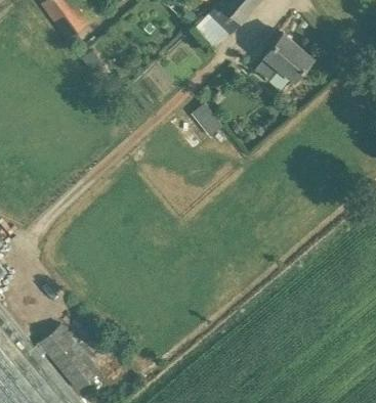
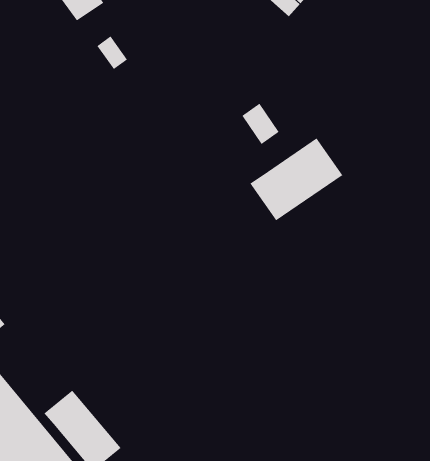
building: [251,35,308,81] -> none
building: none -> [250,138,343,221]

